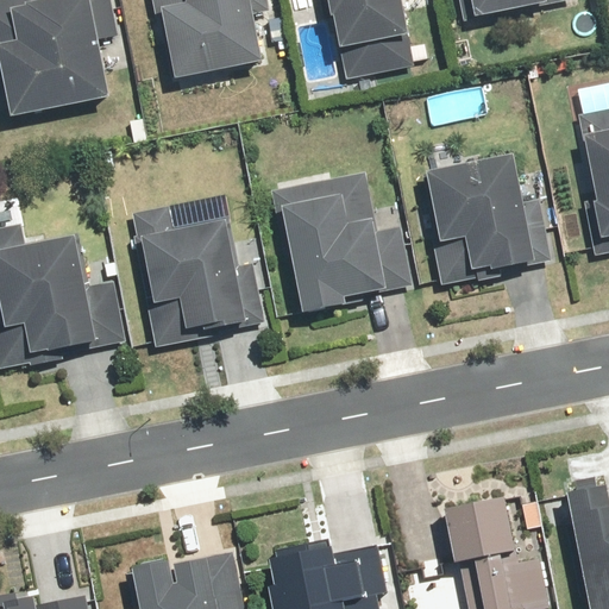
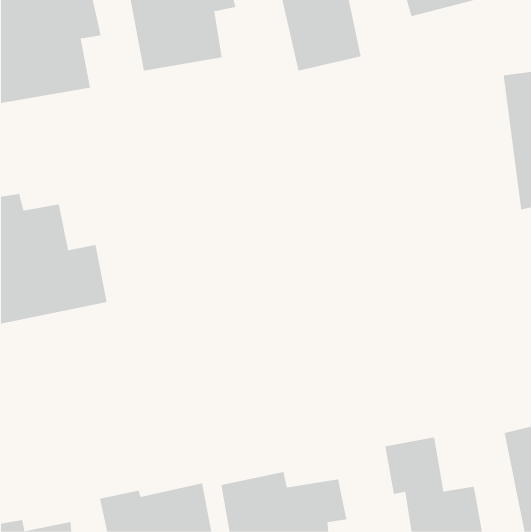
building: [420,136,555,288] -> none
building: [276,174,412,314] -> none
building: [131,200,270,344] -> none

